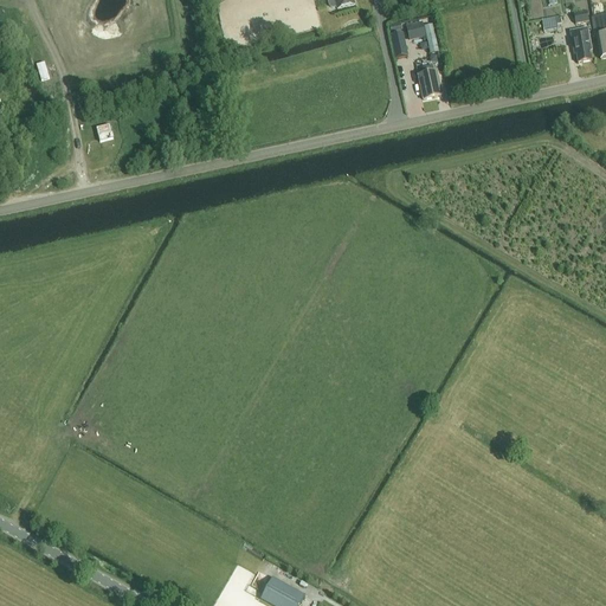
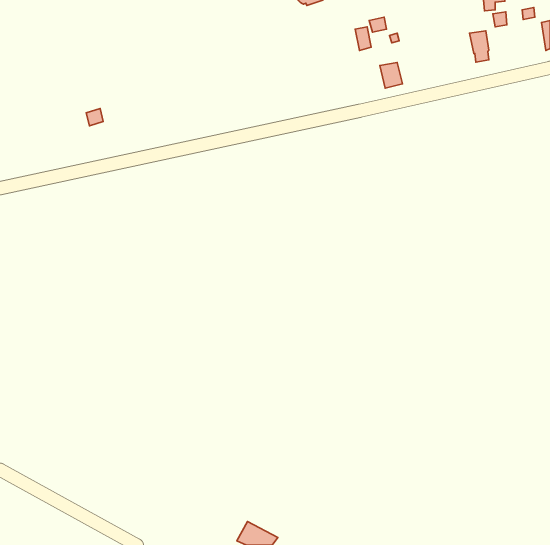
building: [570,26,592,60] -> [470,31,489,62]

